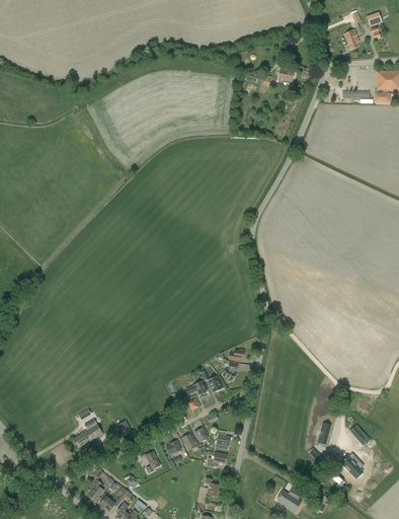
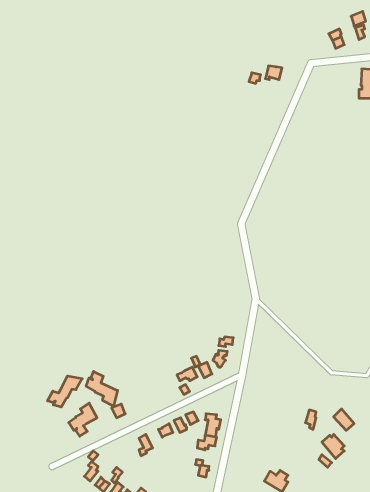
building: none -> [86,371,118,406]
building: none -> [48,376,82,407]

